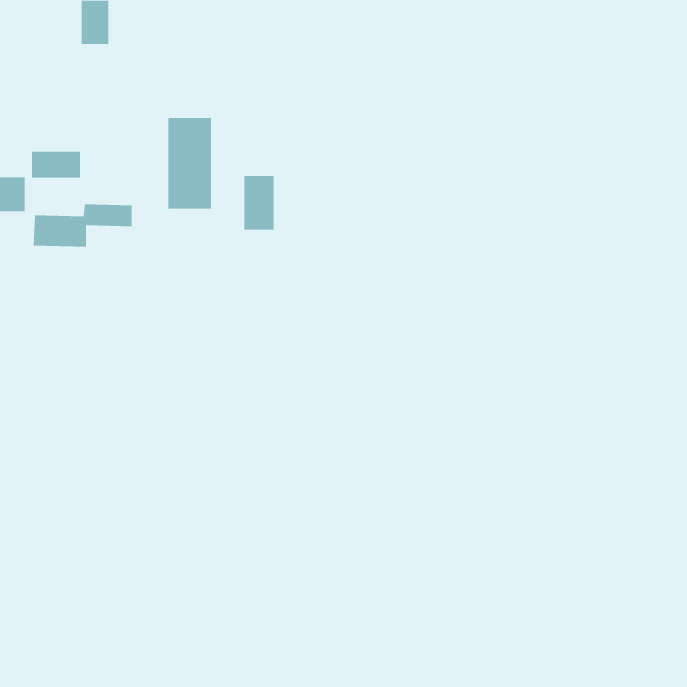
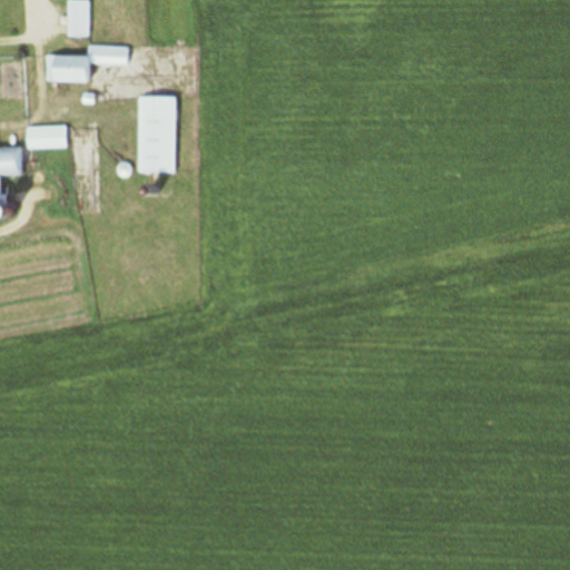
building: [244,175,274,230] -> none
building: [33,204,133,247] -> [46,46,128,81]

